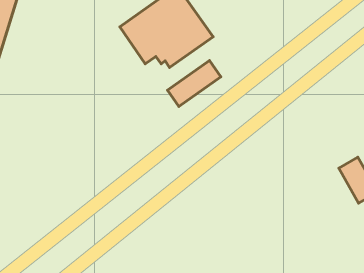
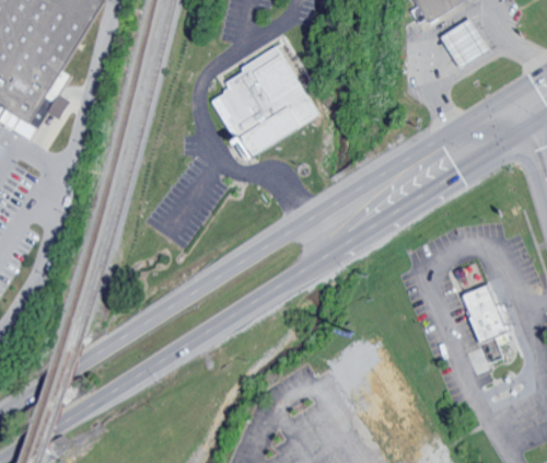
building: [167,61,221,107] -> none

